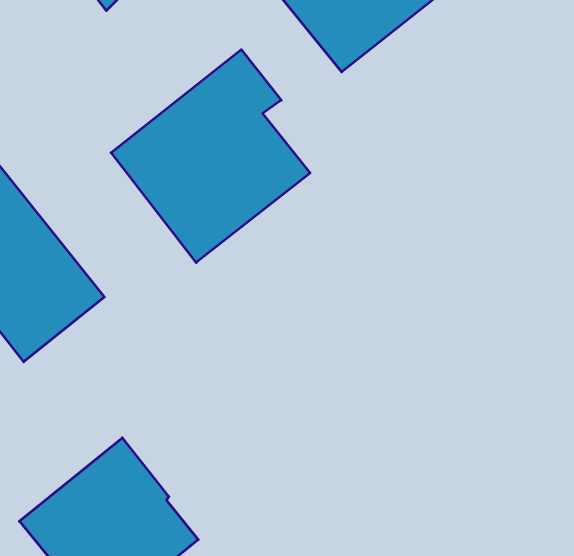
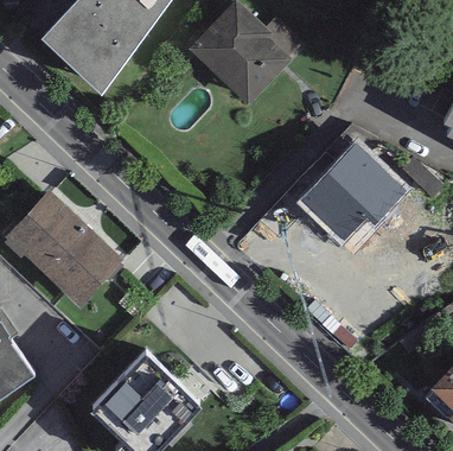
building: [111,50,310,263] -> none
building: none -> [307,144,396,240]

